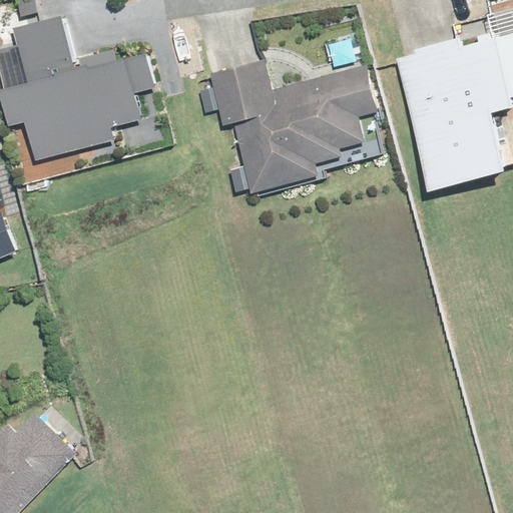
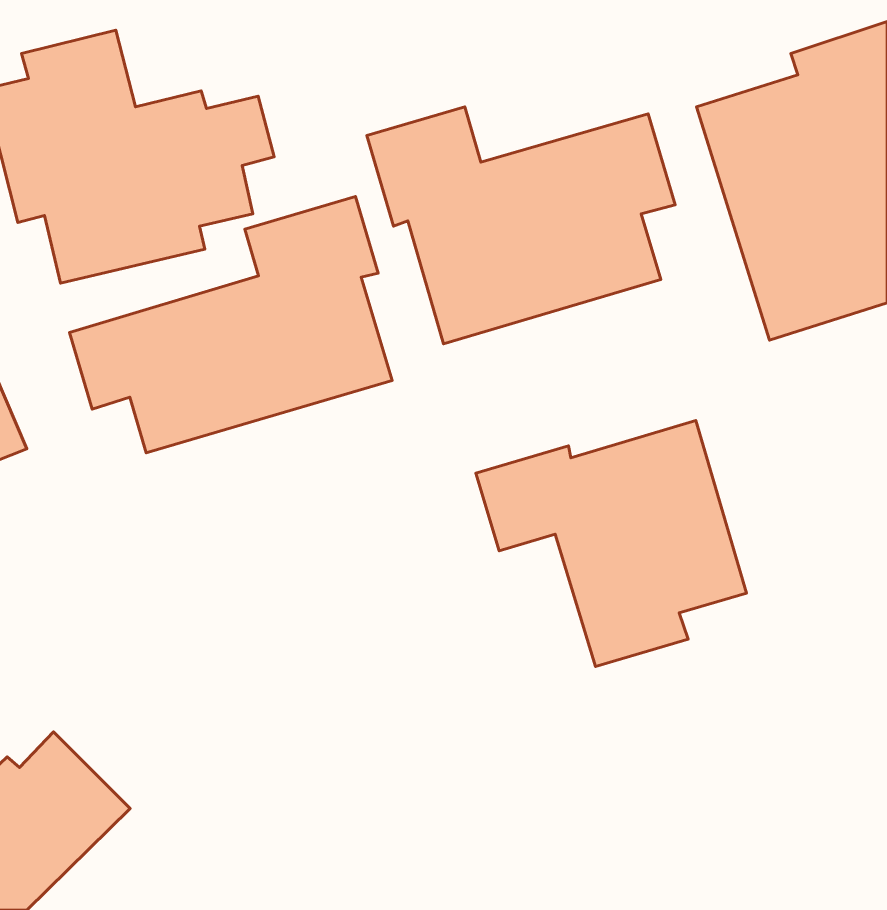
building: none -> [70,196,392,453]
building: none -> [476,421,746,667]

